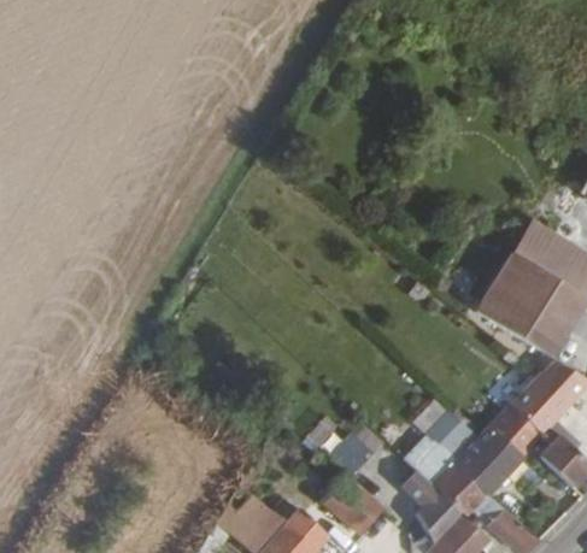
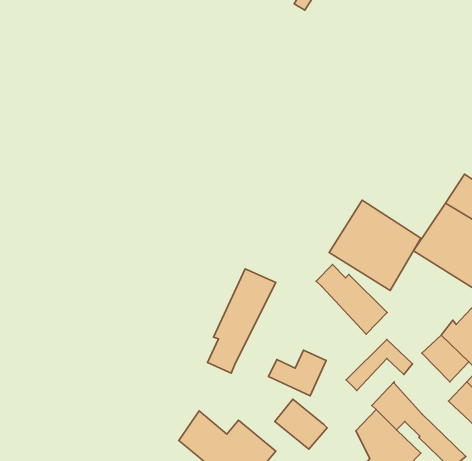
building: none -> [329,200,421,291]
building: none -> [316,265,387,334]
building: none -> [207,269,276,373]
building: [457,425,520,494] -> none

